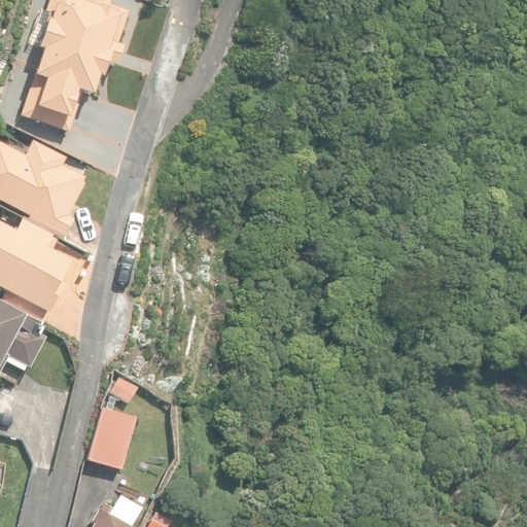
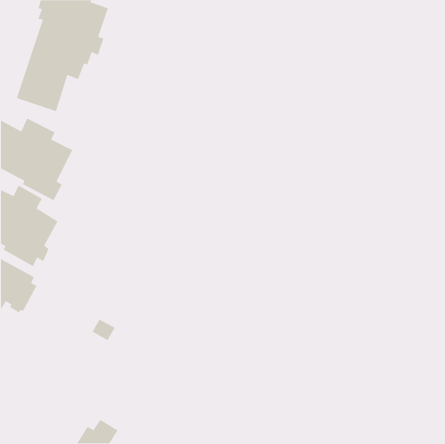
building: [87,408,135,468] -> none

